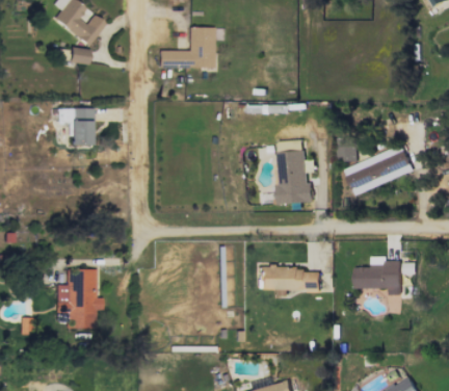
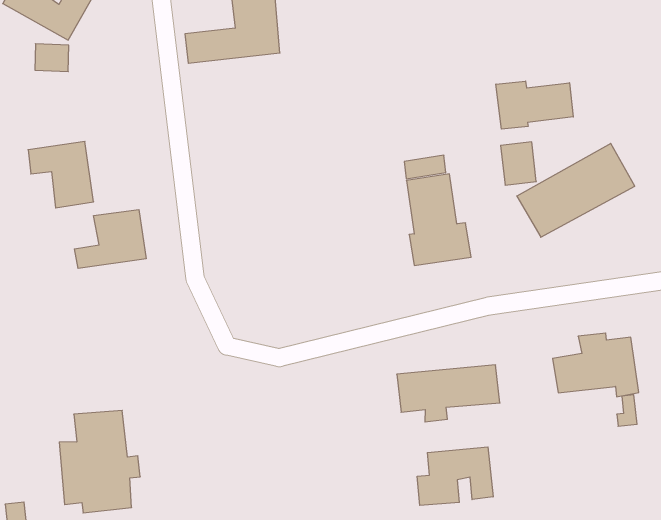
building: none -> [496,81,573,129]
building: none -> [74,210,146,268]
building: none -> [417,447,493,505]

